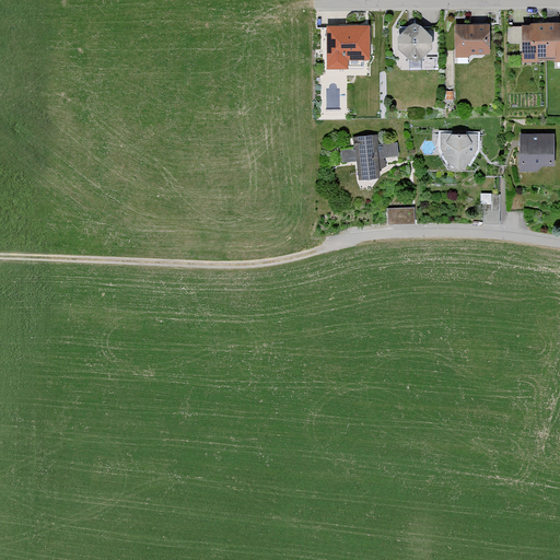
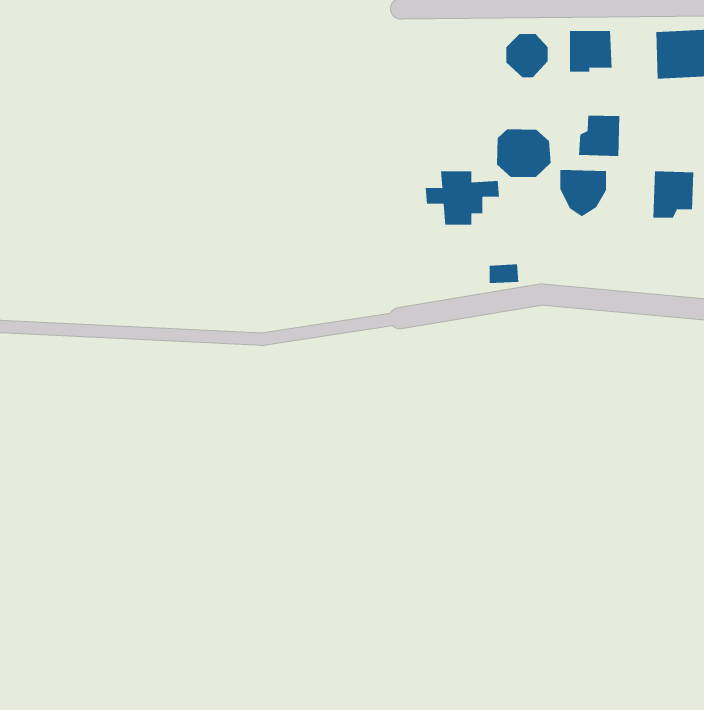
building: [326,25,368,69] -> none
building: none -> [579,115,620,157]
building: none -> [496,128,551,178]

